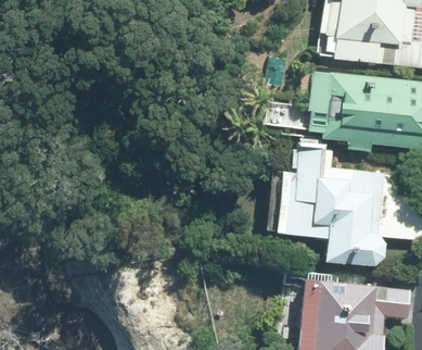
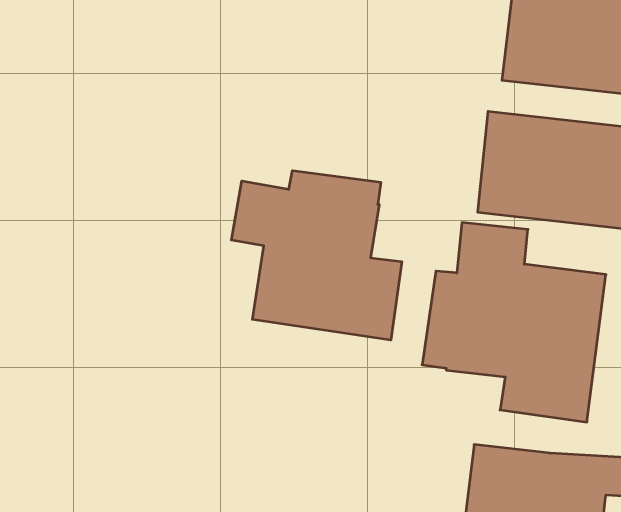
building: none -> [231,171,402,340]

